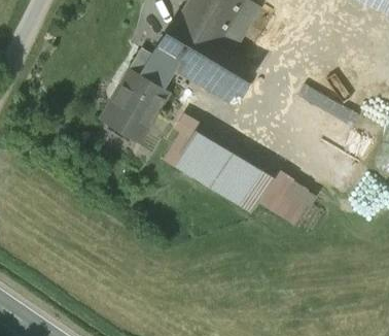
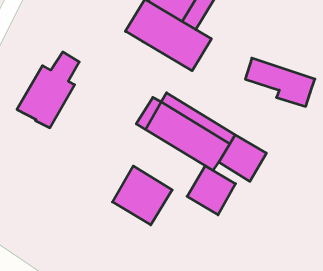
building: [102,56,172,141] -> [17,52,79,128]
building: none -> [112,166,172,225]
building: none -> [187,166,236,215]

